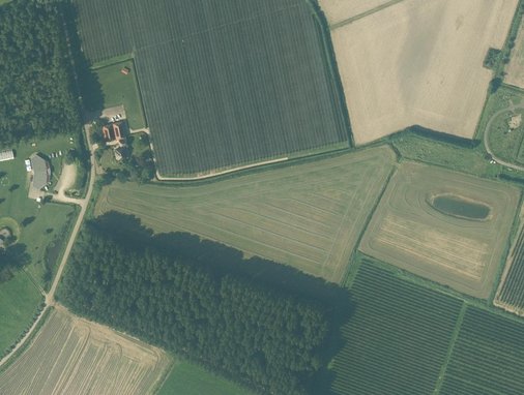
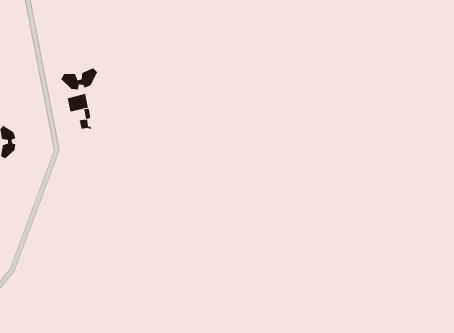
building: none -> [61,67,98,90]

